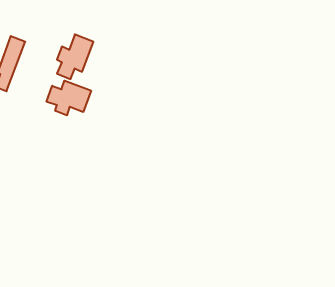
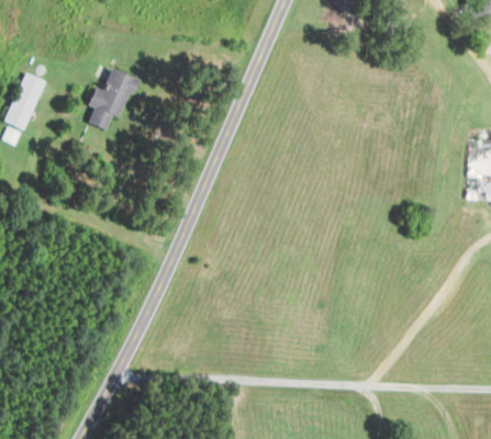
building: [47,81,91,115] -> none

